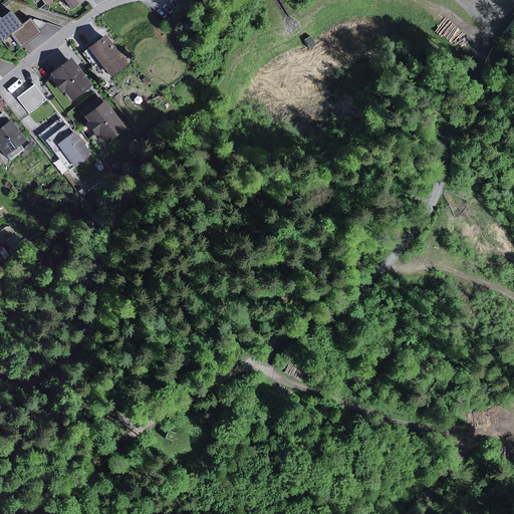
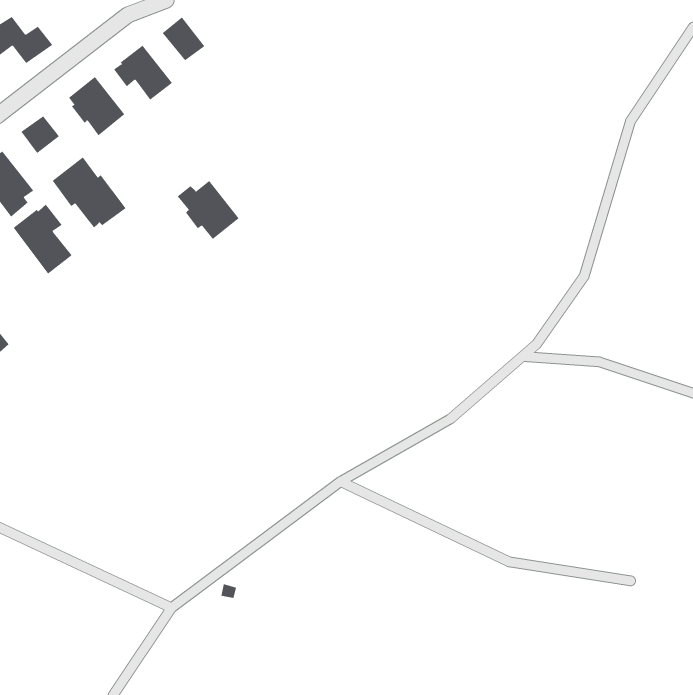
building: none -> [162,17,205,61]
building: [80,98,126,143] -> [177,180,240,240]
building: none -> [13,204,72,274]

